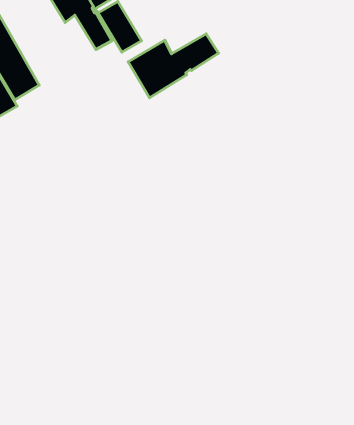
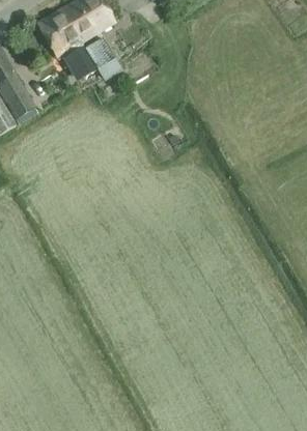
building: [128,34,218,98] -> none

